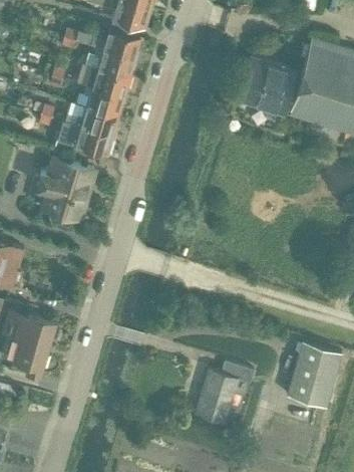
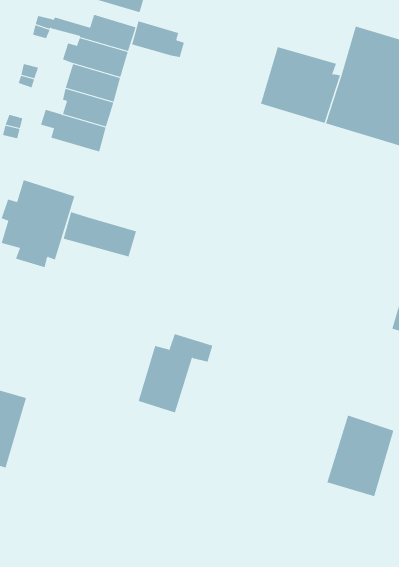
building: none -> [131,21,184,58]
building: [56,122,113,157] -> [63,212,137,257]
building: [196,361,254,422] -> [138,334,213,413]

